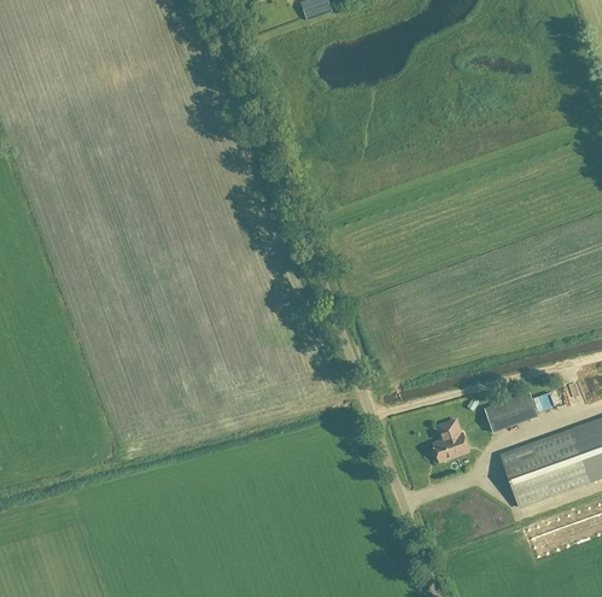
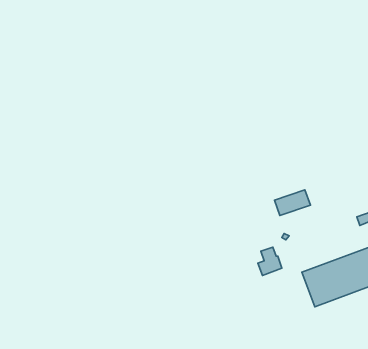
building: [484,391,538,429] -> [274,190,311,215]

